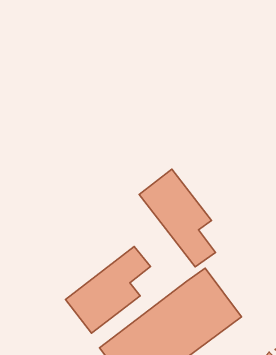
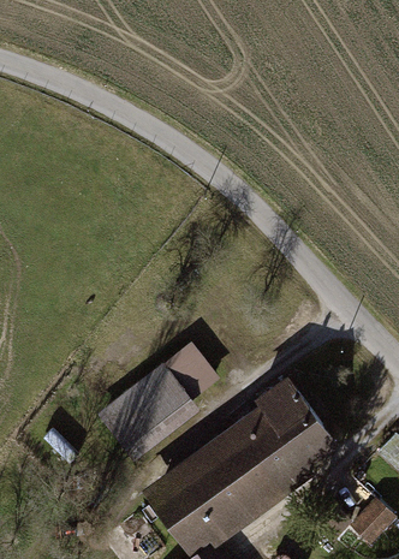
building: [139,169,216,267] -> none

